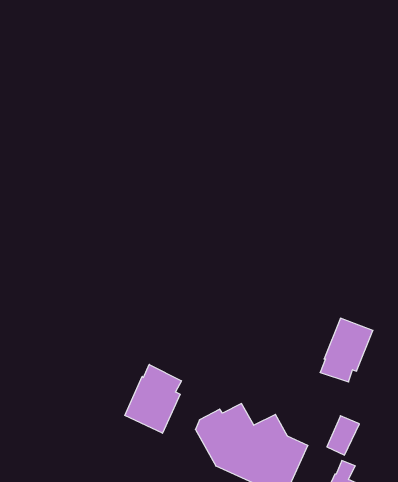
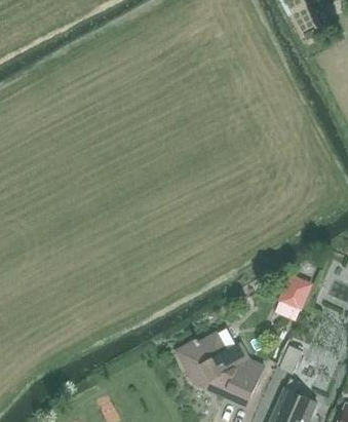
building: [125,364,181,433] -> none

